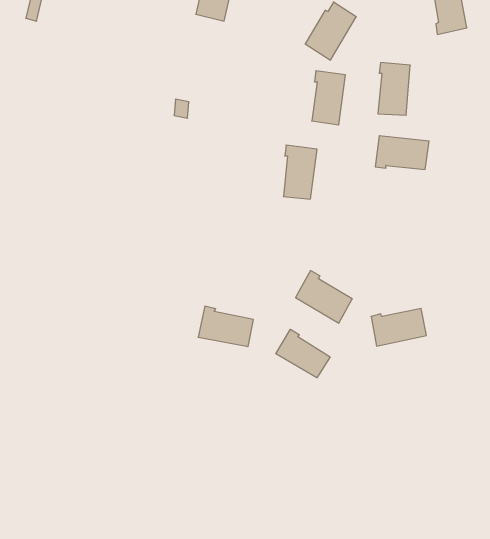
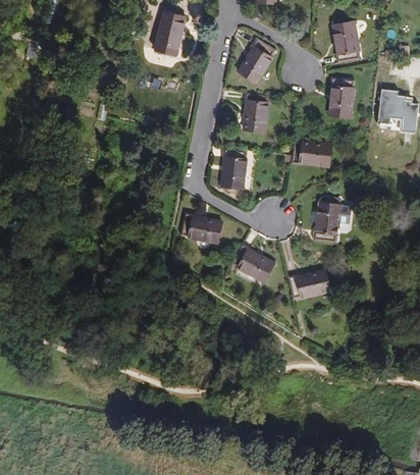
building: [378,63,410,115] -> [329,77,354,117]
building: none -> [314,203,340,243]
building: [198,306,253,347] -> [179,212,221,243]
building: [276,329,330,378] -> none

